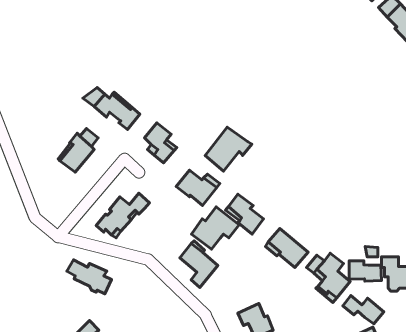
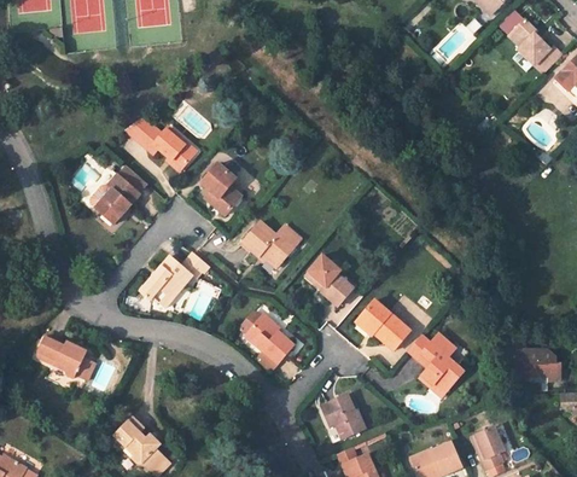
building: [205,127,252,171] -> none
building: [191,207,239,249] -> none
building: [67,260,111,294] -> [36,336,93,379]
building: [349,261,382,281] -> none
building: [343,296,384,324] -> none

